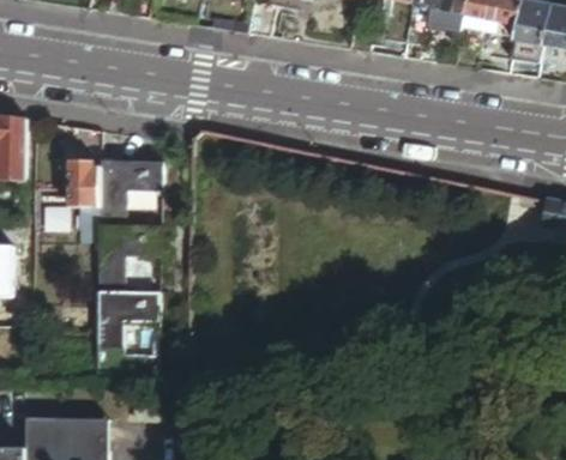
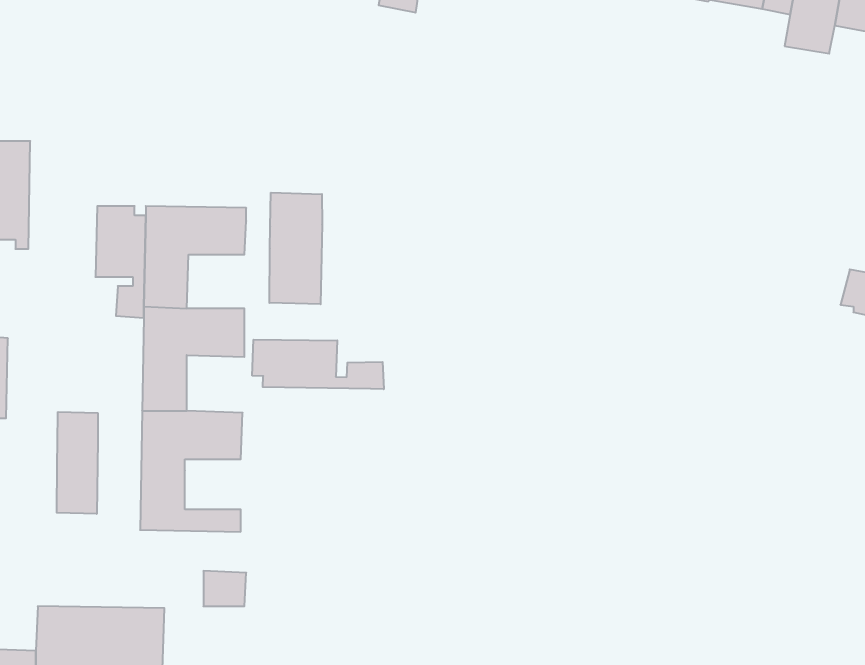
building: none -> [269,193,322,304]
building: none -> [252,340,384,389]
building: none -> [57,412,98,514]

